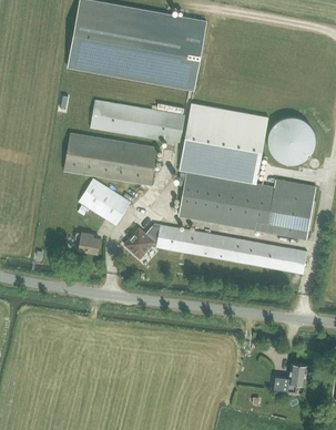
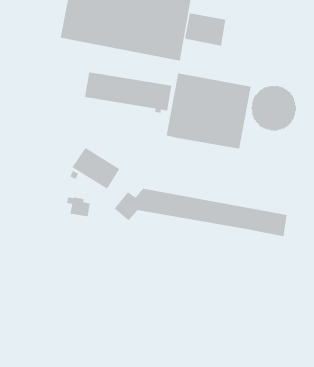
building: none -> [184,12,226,47]
building: [63,132,156,184] -> none
building: [179,171,316,239] -> none
building: [271,362,306,390] -> none

